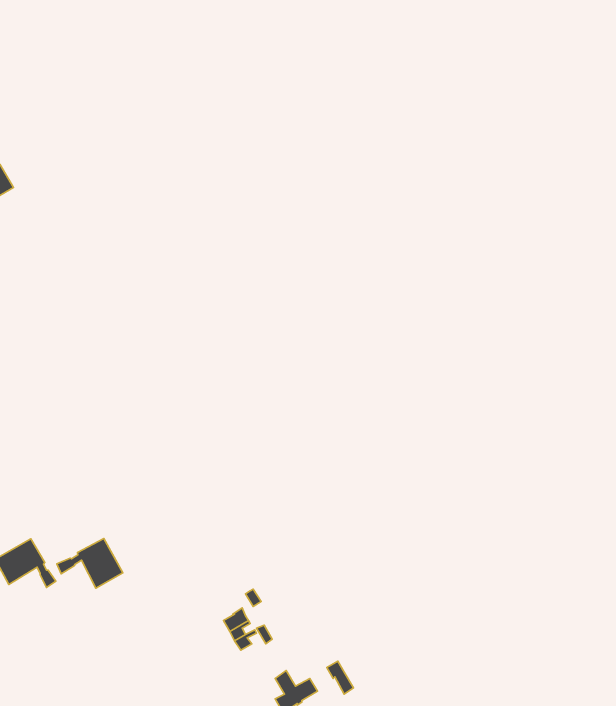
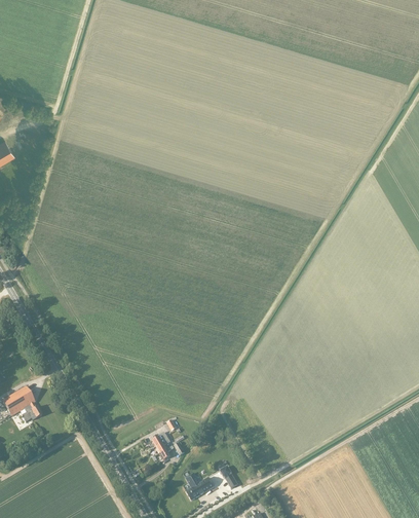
building: [57,539,123,588] -> none

